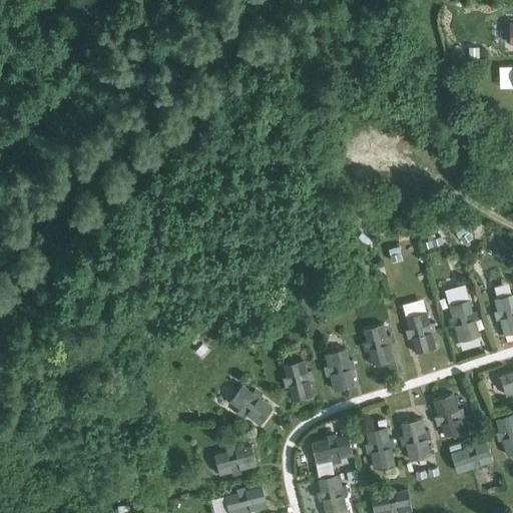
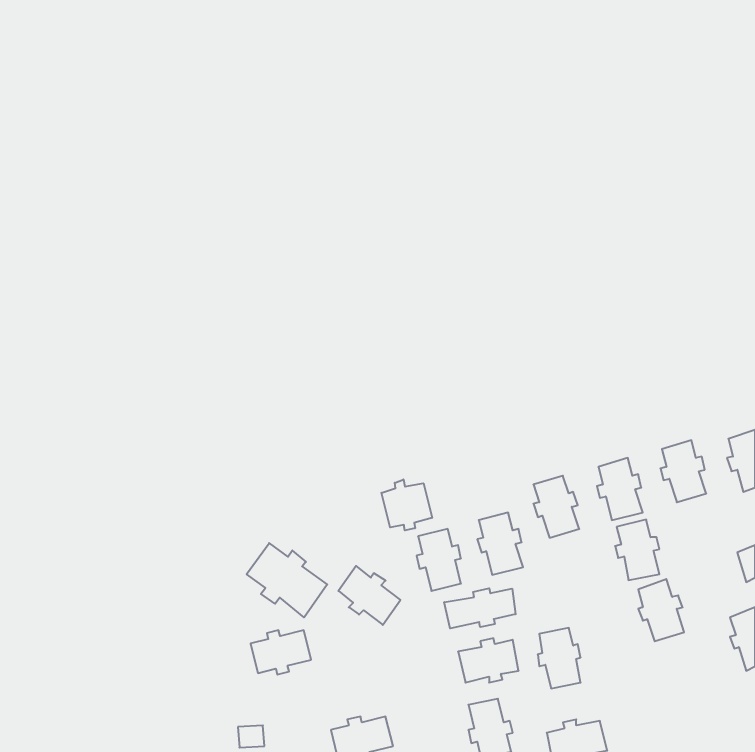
building: none -> [381,479,432,530]
building: none -> [247,543,327,617]
building: none -> [444,588,516,628]
building: [400,420,430,461] -> [615,520,659,580]
building: [450,442,493,474] -> none
building: [214,447,255,477] -> [251,630,311,675]

